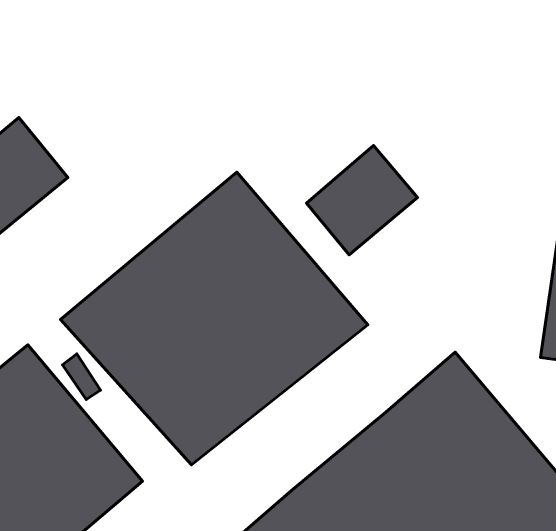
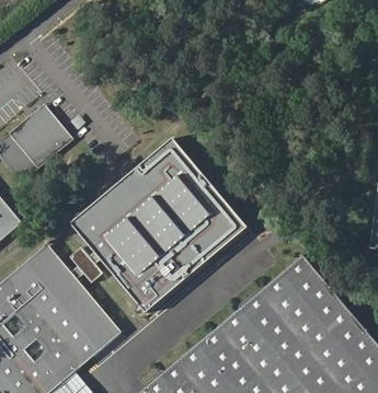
building: [307,146,418,255] -> none

